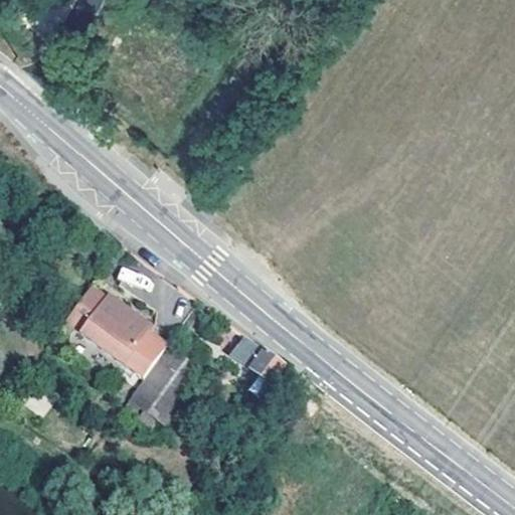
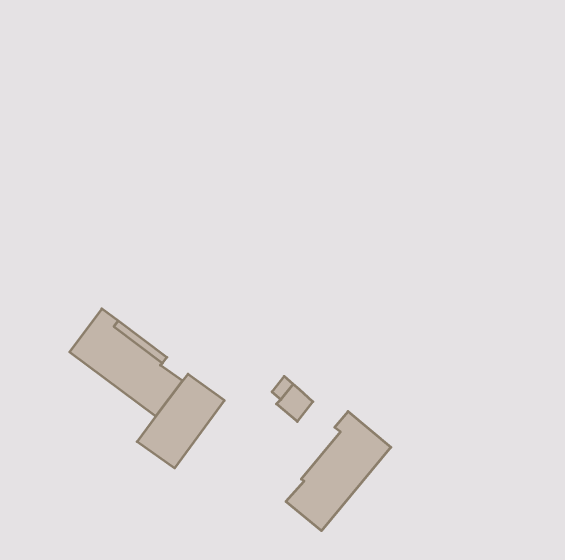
building: none -> [286,411,391,531]

